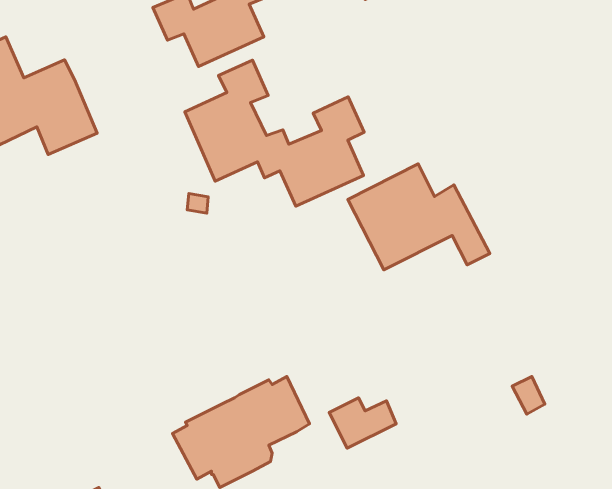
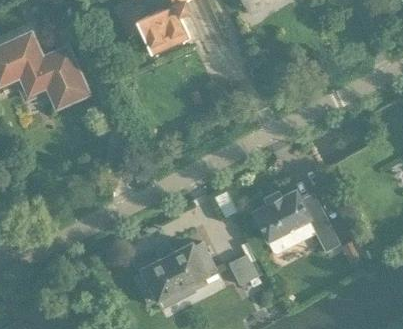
building: [185,60,364,206] -> none
building: [348,164,490,270] -> [253,190,340,255]

